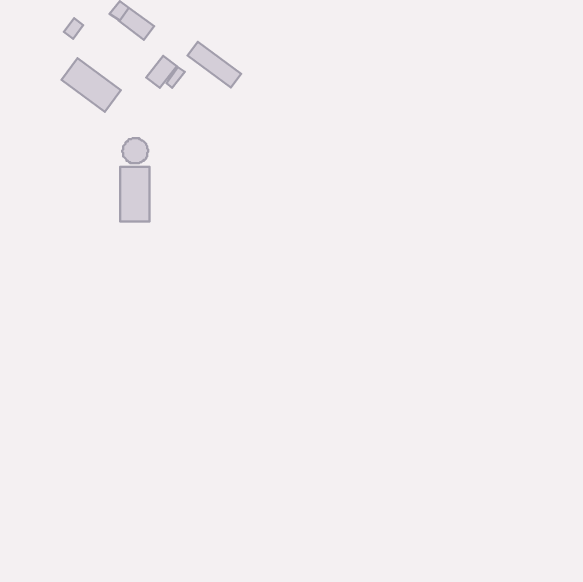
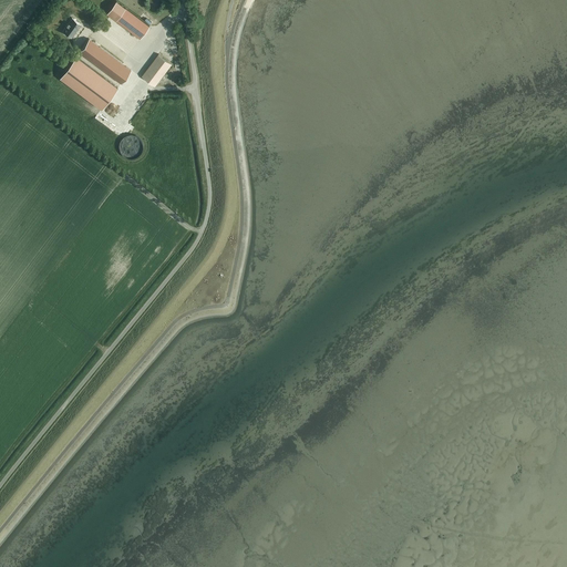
building: [188,42,241,87] -> [79,40,131,84]
building: [120,167,149,221] -> none

